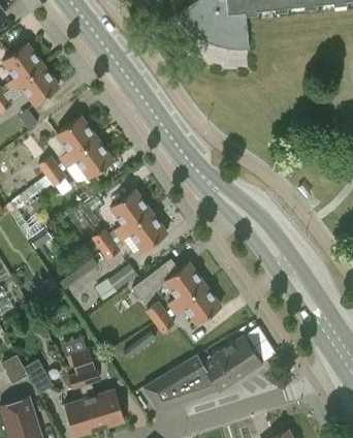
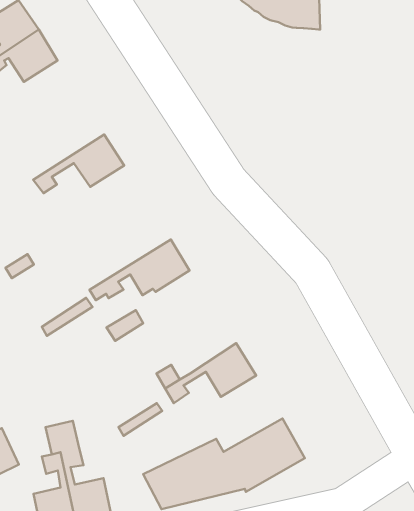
building: [39,116,96,175] -> none
building: [88,189,151,252] -> none
building: [132,258,204,308] -> none

